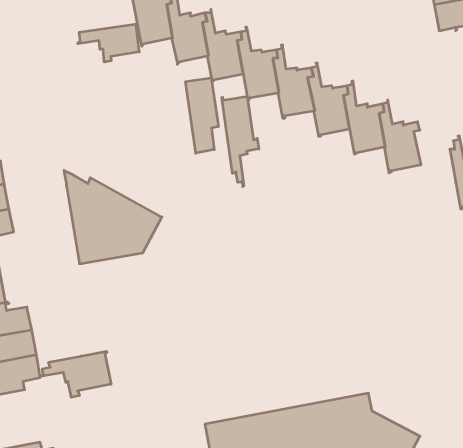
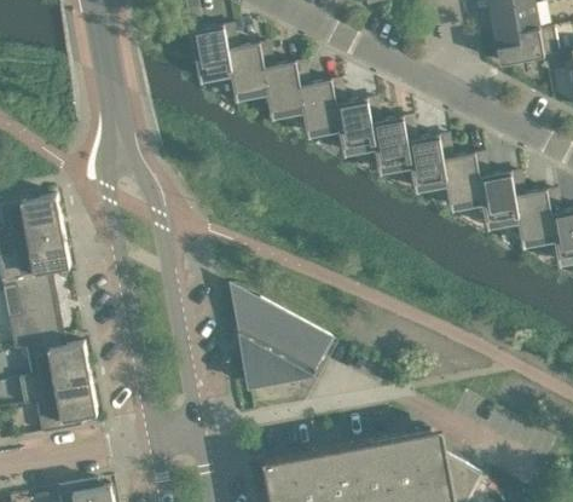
building: [78,24,139,62] -> none
building: [186,78,218,153] -> none
building: [222,96,259,187] -> none
building: none -> [475,155,517,229]
building: [64,170,162,264] -> [232,294,331,388]
building: [40,351,111,397] -> none

